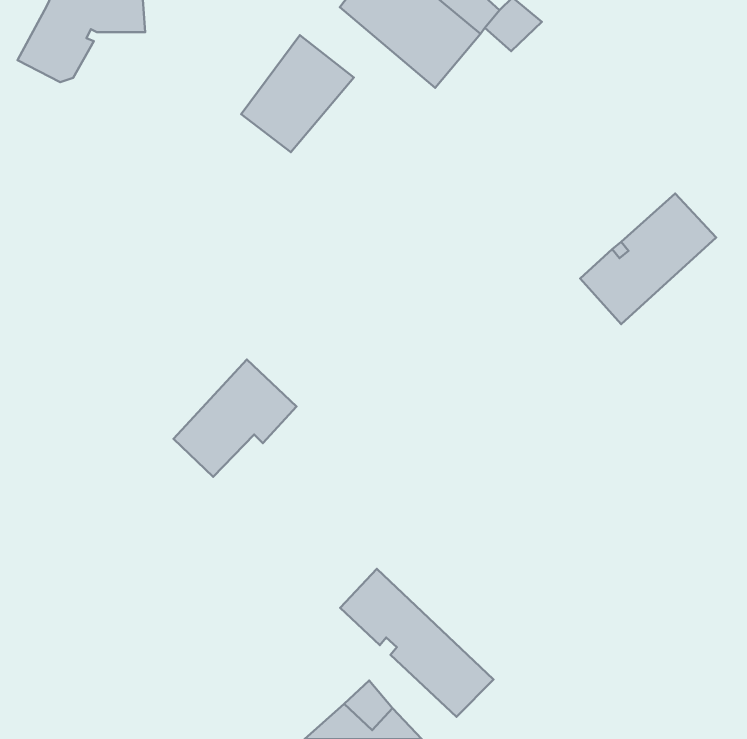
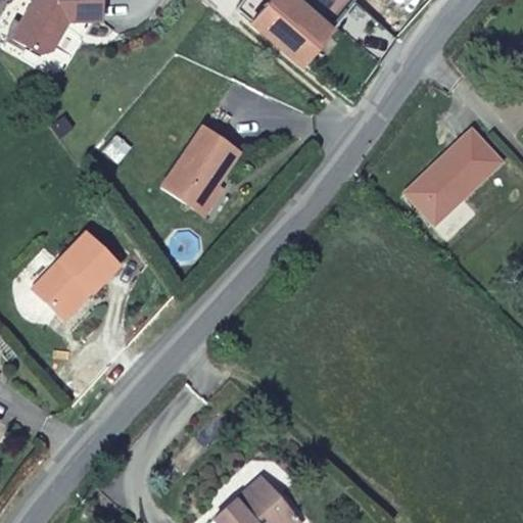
building: [241,35,354,152] -> [161,122,240,203]
building: [173,360,297,477] -> [35,231,121,313]
building: [340,569,494,717] -> none

